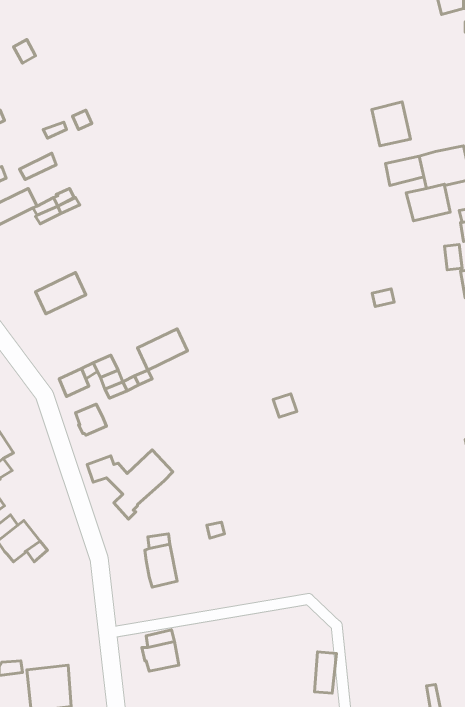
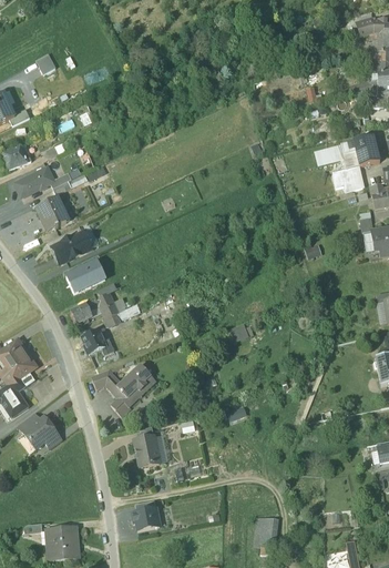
building: [372,102,410,146] -> none
building: none -> [38,196,66,231]
building: [137,329,188,370] -> [66,261,104,292]

